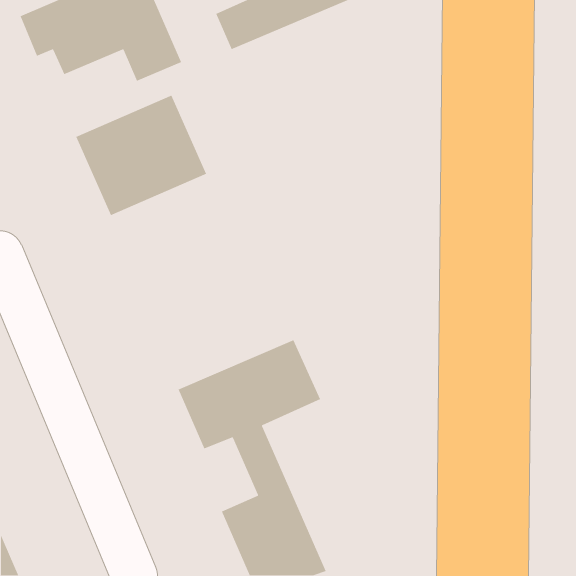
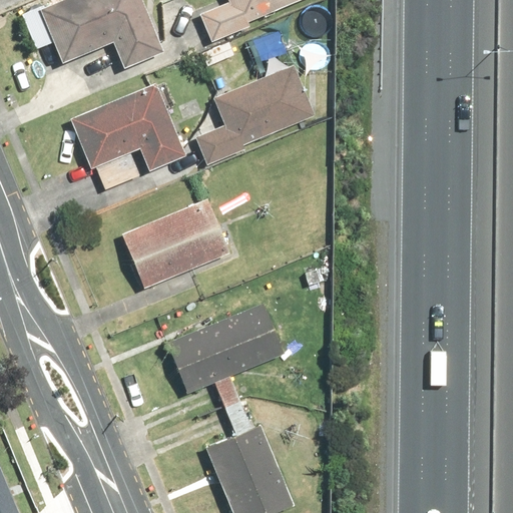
building: none -> [193,61,318,163]
building: none -> [121,196,231,287]

